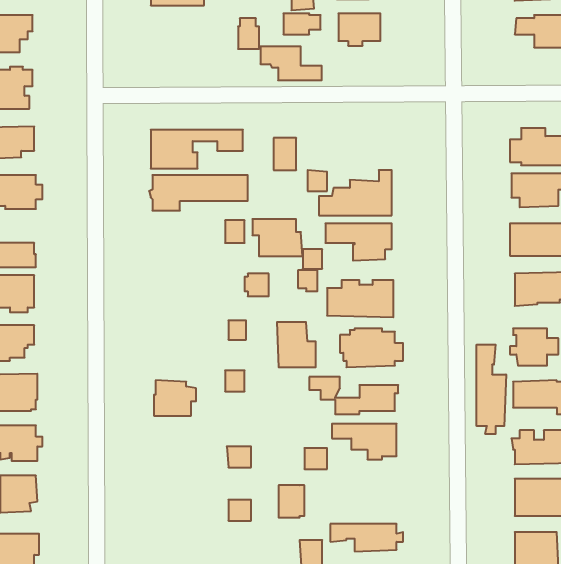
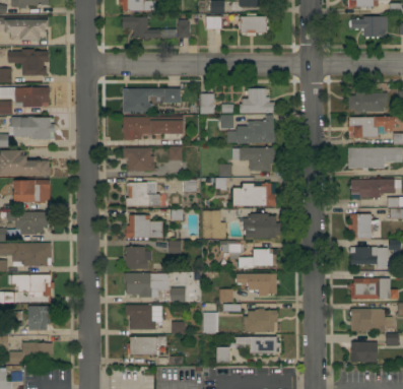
building: [260,46,322,80] -> [123,17,161,39]
building: none -> [240,88,275,113]
building: [252,219,303,256] -> [124,148,155,172]
building: none -> [126,183,160,207]
building: none -> [126,215,162,239]
building: [477,345,506,434] -> none
building: none -> [125,273,169,298]
building: none -> [126,306,161,330]
building: none -> [244,310,278,332]
building: none -> [126,336,166,355]

